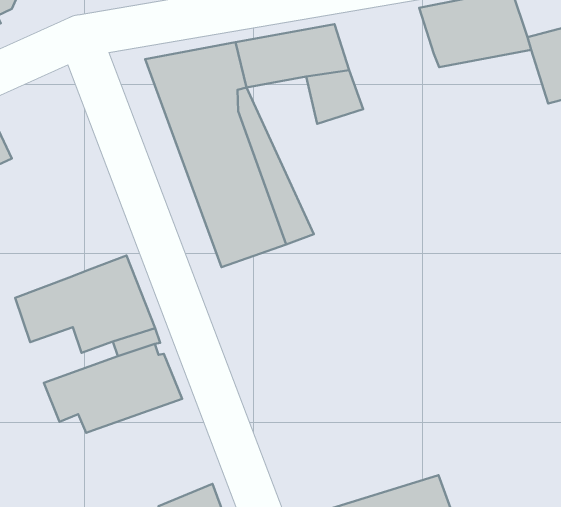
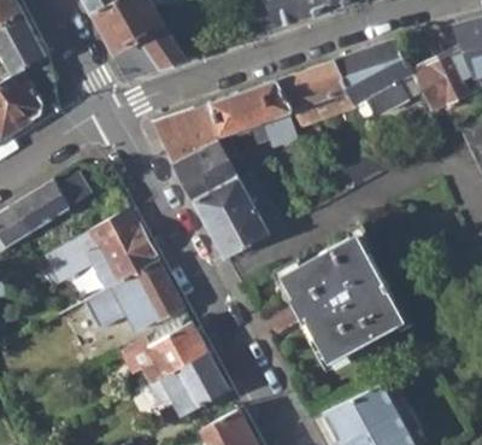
building: none -> [277,62,348,111]
building: none -> [98,222,157,280]
building: none -> [283,238,401,361]
building: none -> [151,352,228,421]

